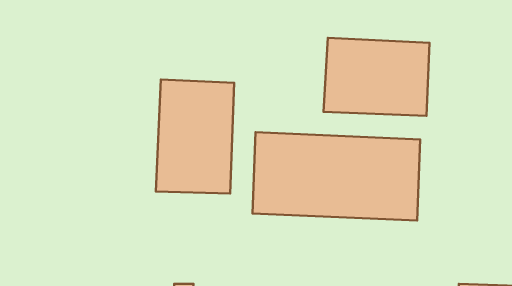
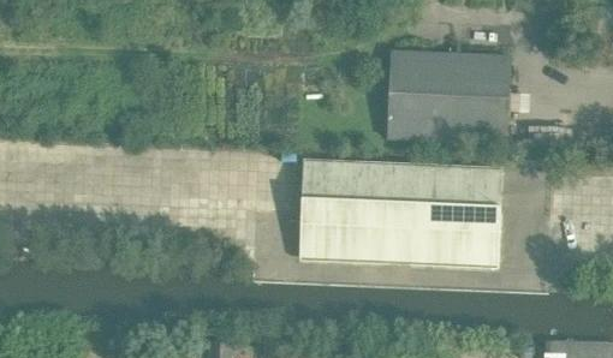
building: [156,80,234,194] -> none

